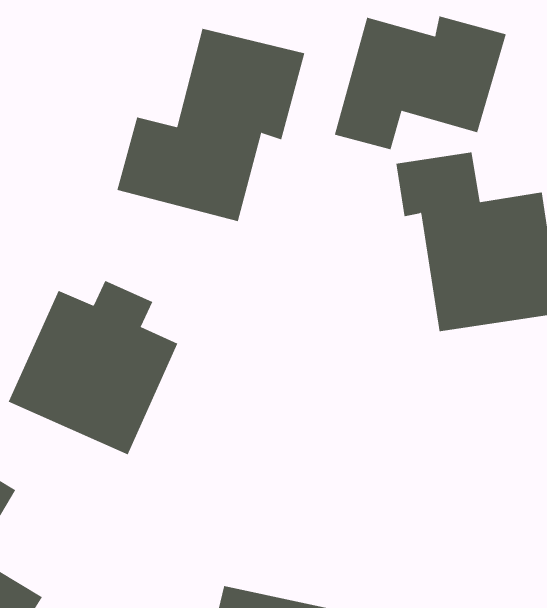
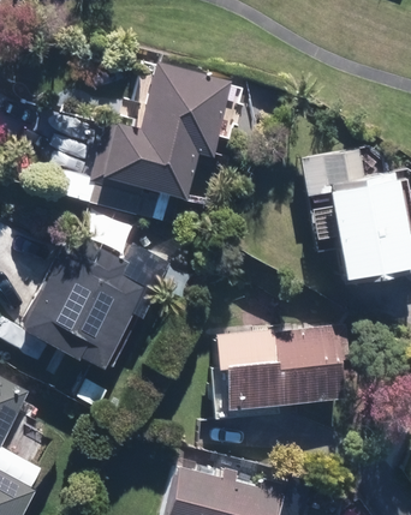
building: [334,16,506,150] -> none
building: none -> [207,322,368,414]

